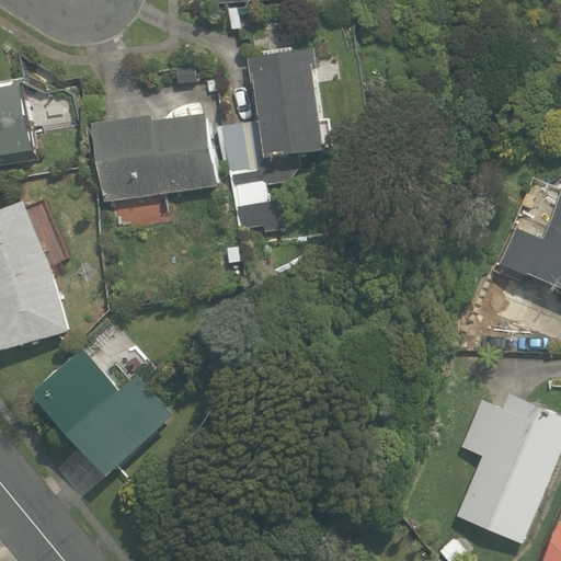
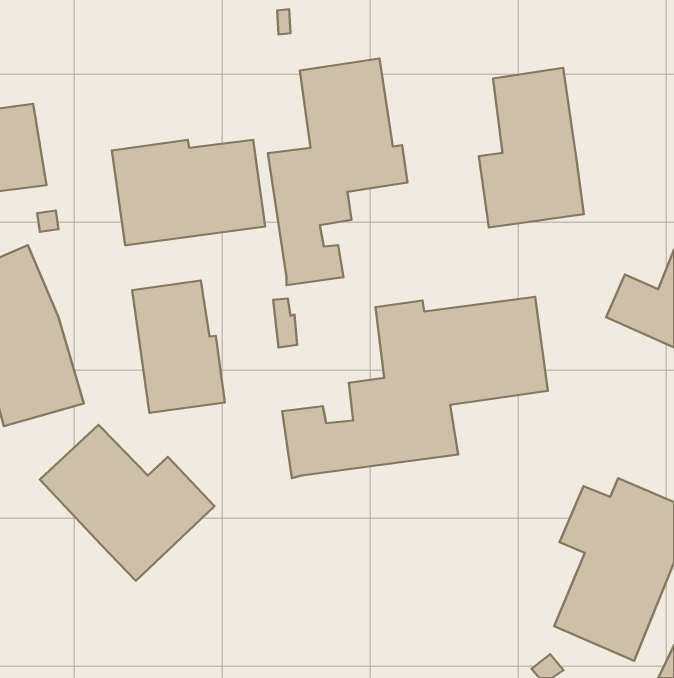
building: none -> [479,68,584,227]
building: none -> [132,281,225,413]
building: none -> [282,297,548,478]

